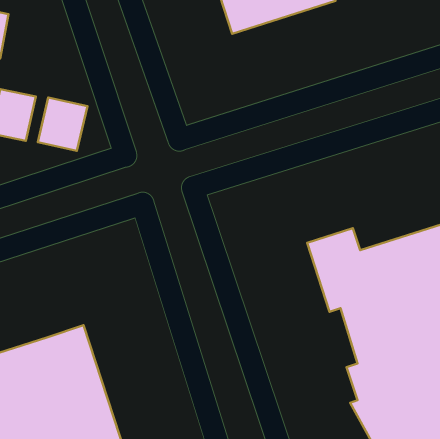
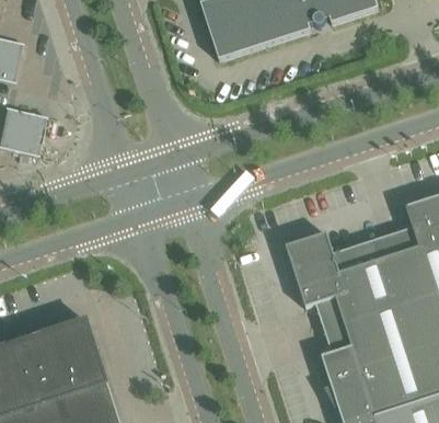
building: [38,97,87,151] -> none

